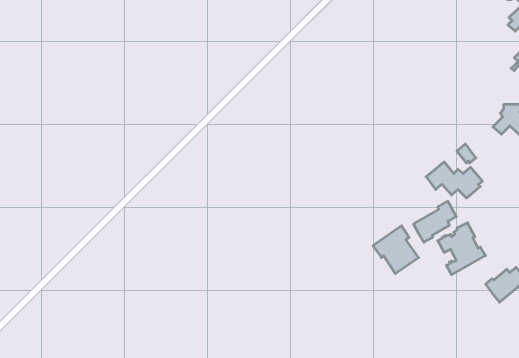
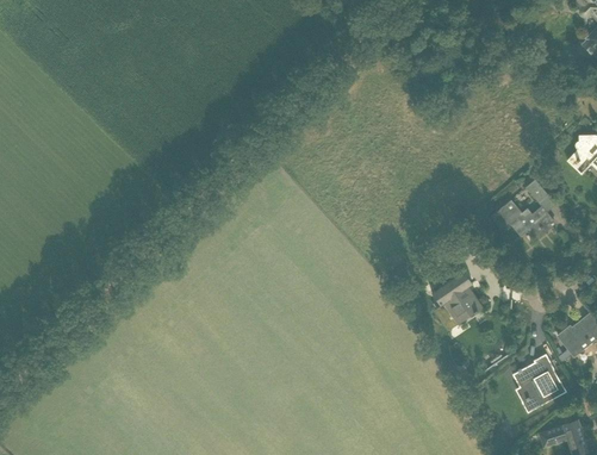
building: [414,201,456,242] -> none
building: [438,223,486,275] -> [512,353,566,411]

